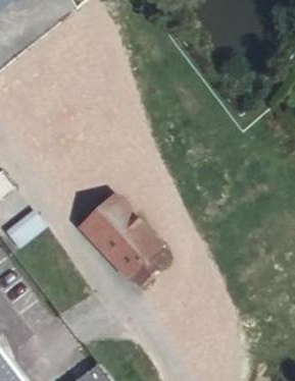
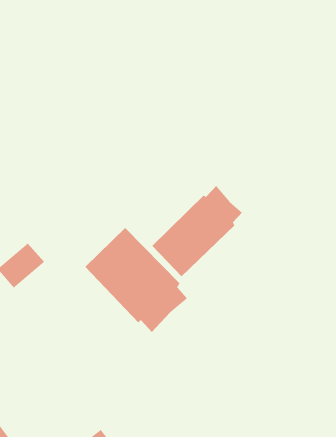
building: none -> [151,185,243,277]

